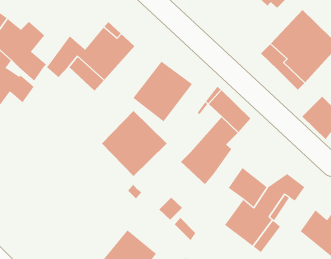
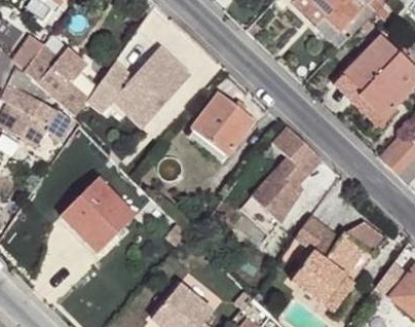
building: [101,110,168,177] -> [60,177,136,253]

